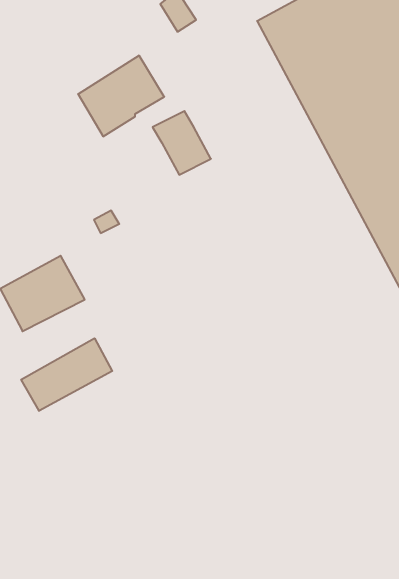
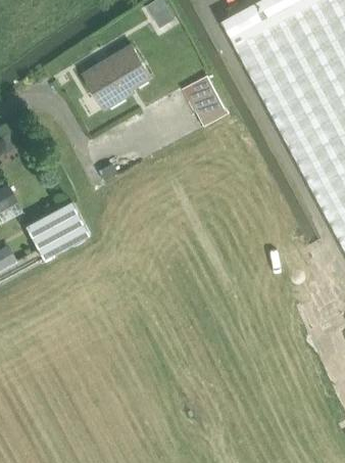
building: [153,111,211,175] -> [183,77,228,126]
building: [21,338,112,411] -> none

